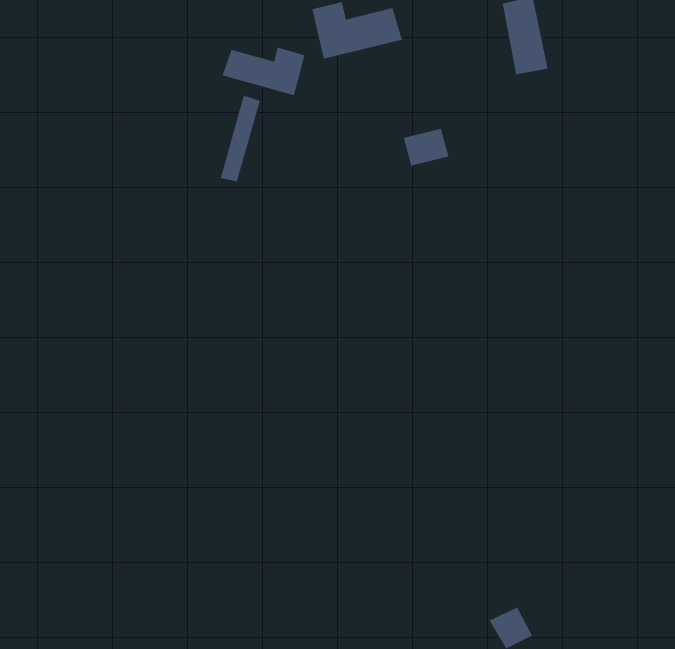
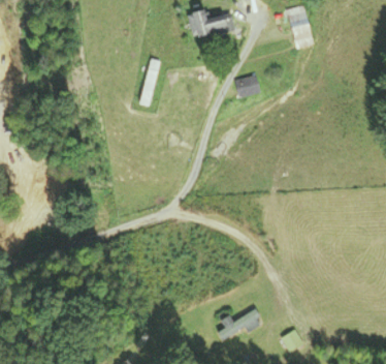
building: [222,47,306,96] -> none
building: none -> [213,308,264,341]

